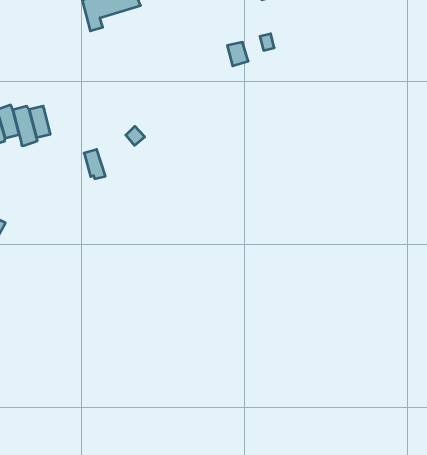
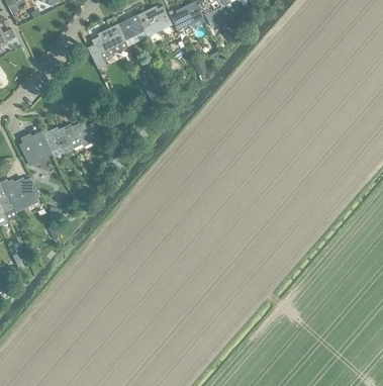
building: none -> [75,122,101,146]

